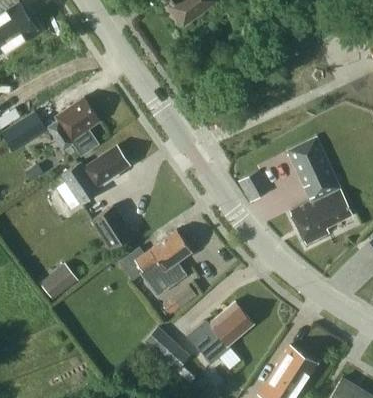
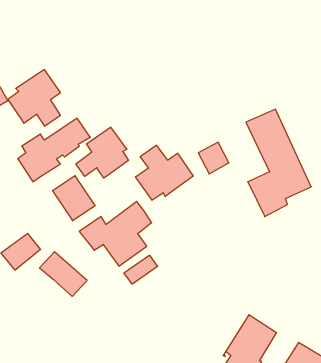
building: none -> [76,127,129,178]
building: none -> [135,145,193,200]
building: [187,303,253,365] -> none
building: [144,326,192,371] -> [40,252,87,296]

